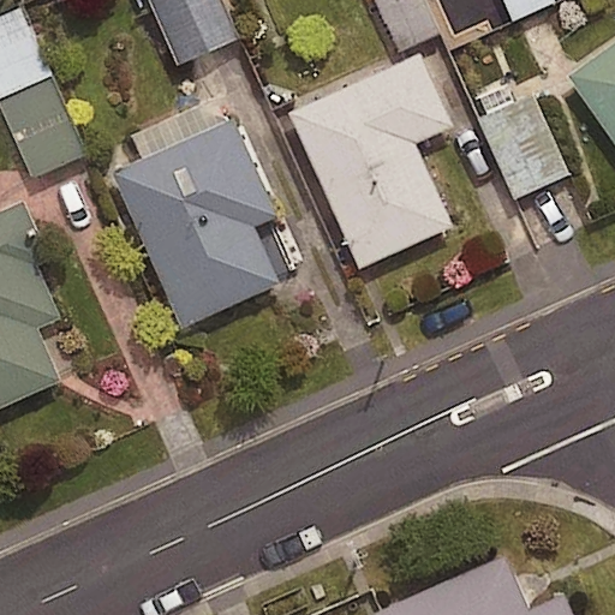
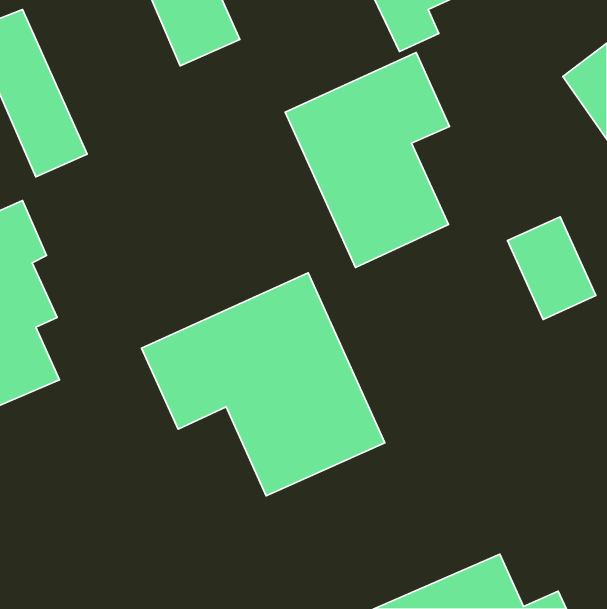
building: [482,96,571,199] -> [508,217,596,319]
building: [109,119,279,328] -> none
building: none -> [141,273,385,496]

